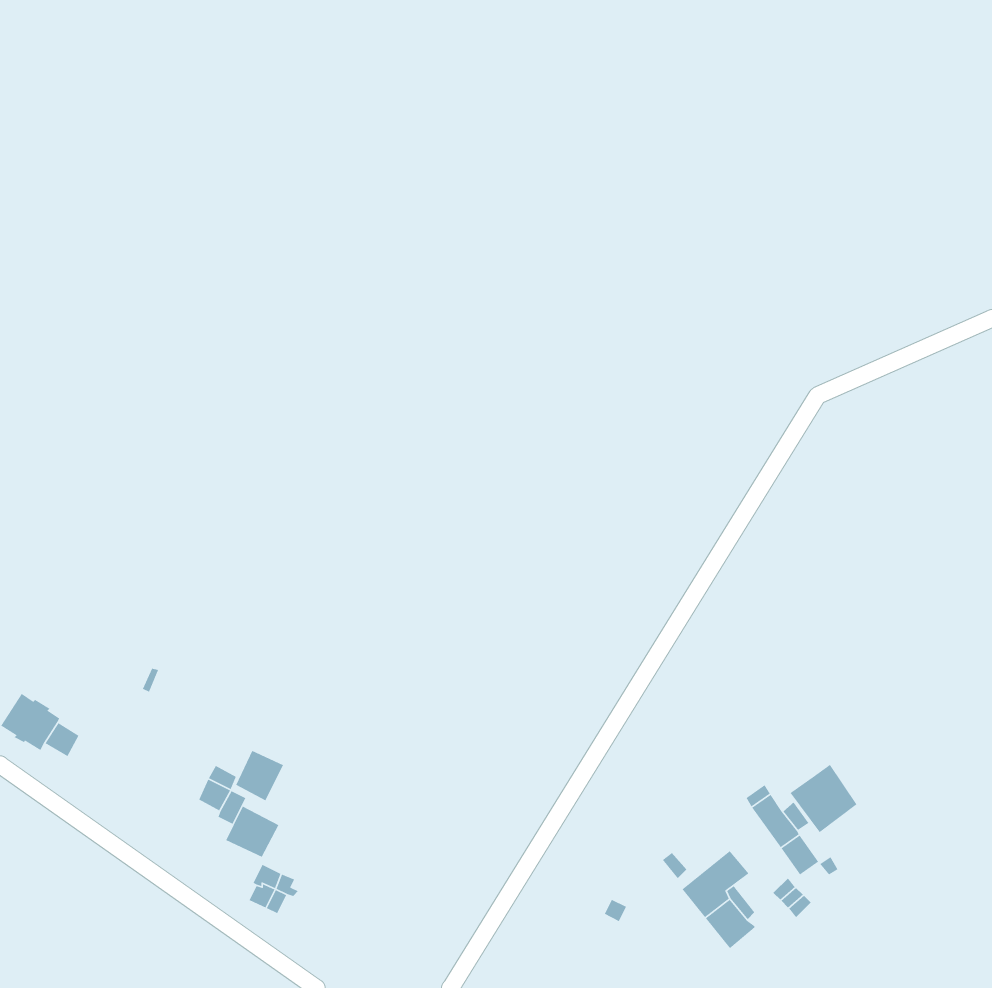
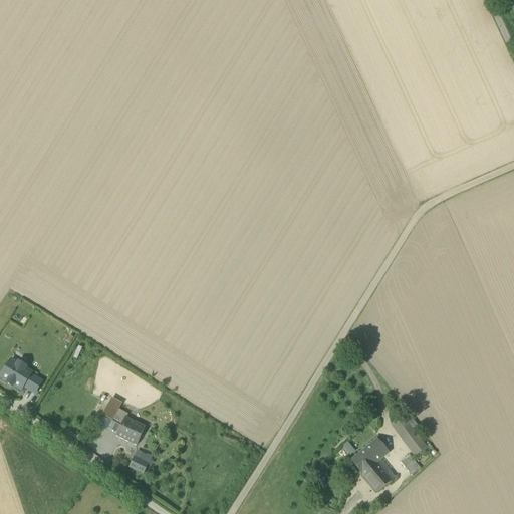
building: [235,750,284,802] -> none
building: [789,764,858,833] -> none

